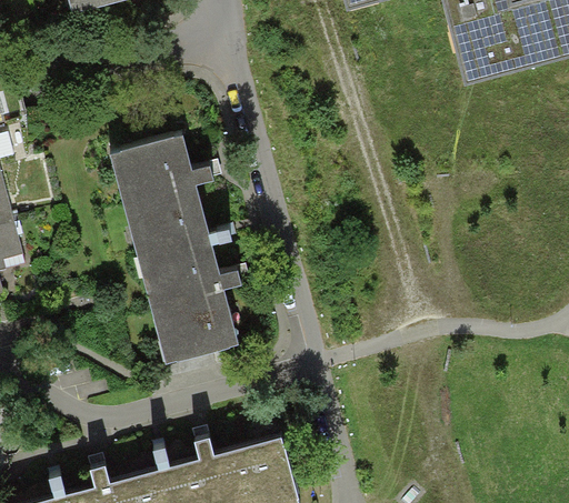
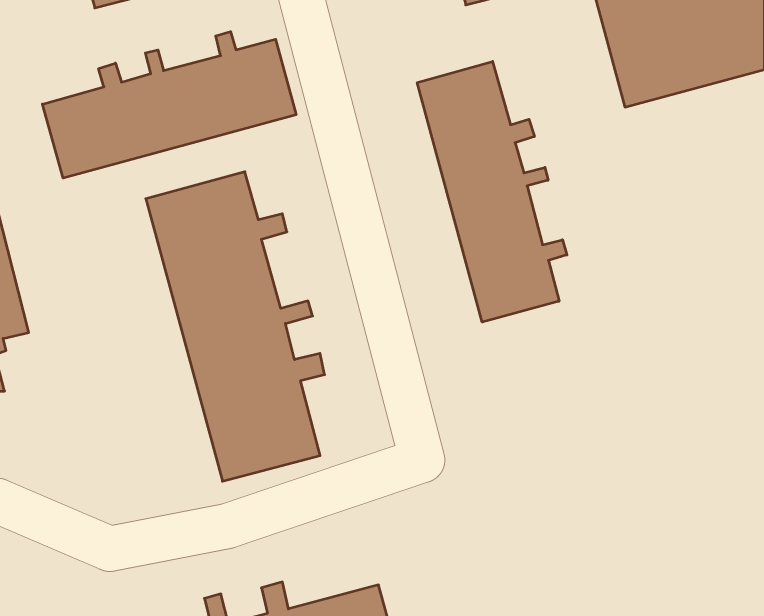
building: none -> [42,32,296,178]
building: none -> [417,61,567,322]

